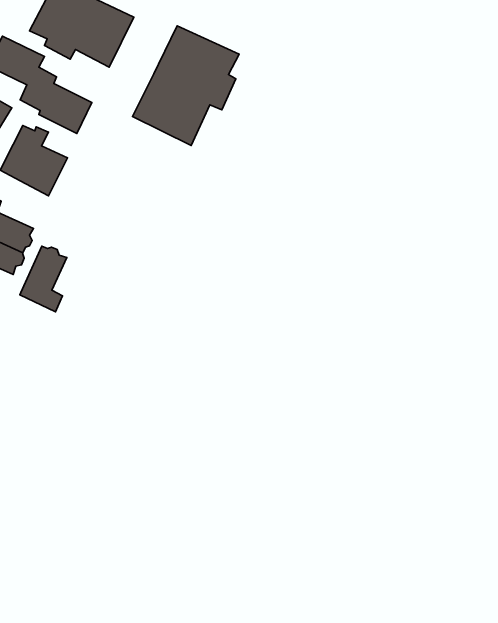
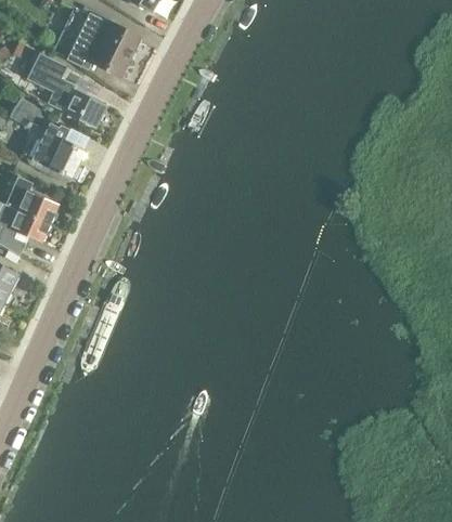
building: [132,26,239,146] -> none
building: [20,246,67,312] -> none

